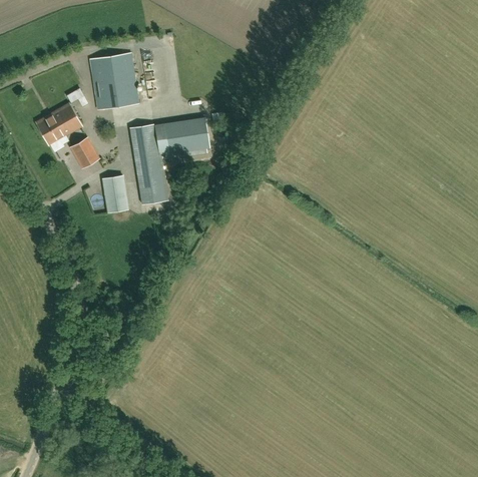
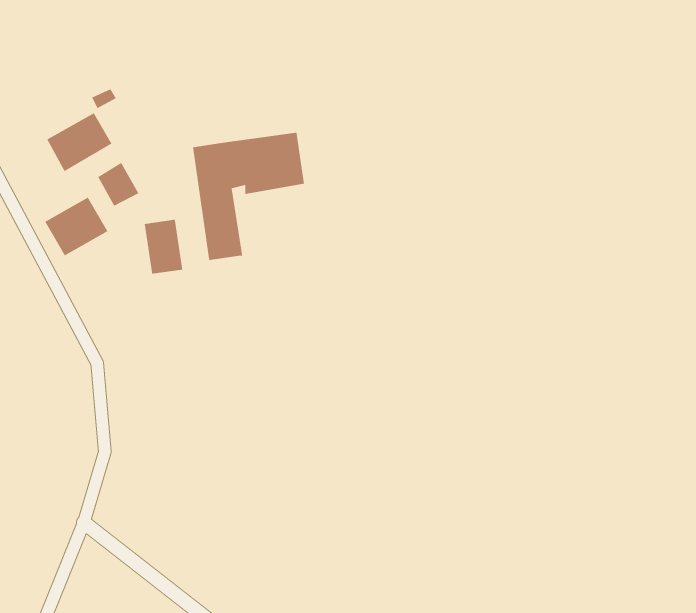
building: [90,53,137,109] -> none
building: none -> [44,197,108,257]

